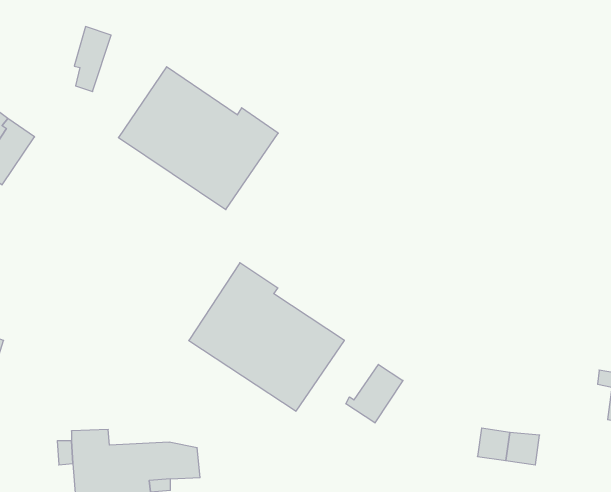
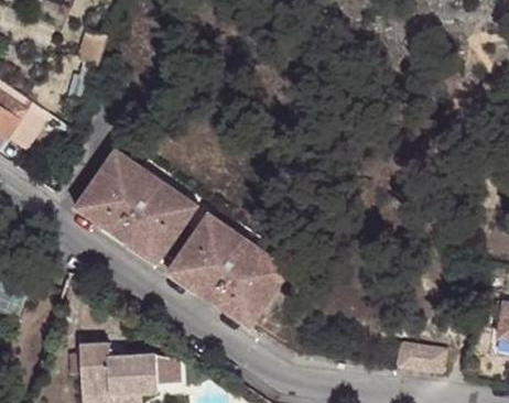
building: [118,67,278,210] -> [74,153,198,264]
building: [346,364,403,423] -> none

